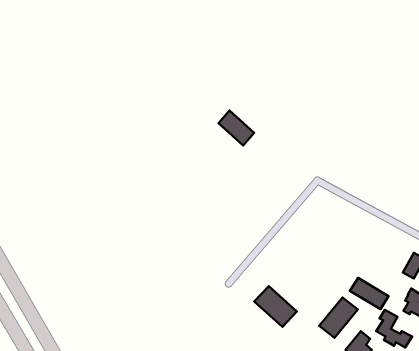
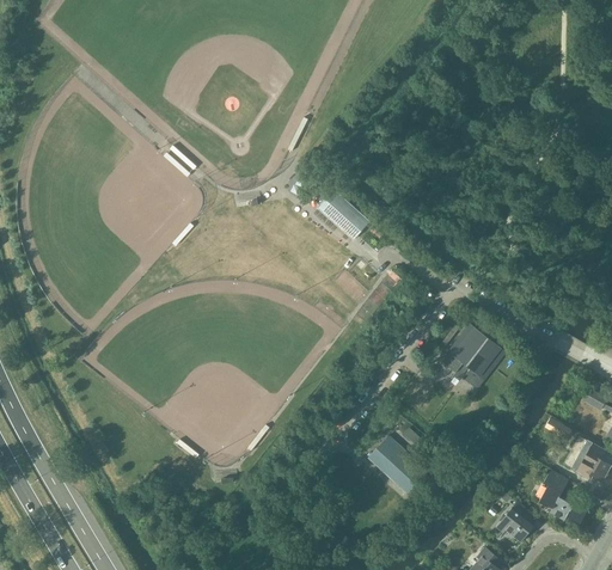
building: none -> [440,323,504,388]
building: [350,278,389,309] -> none
building: [319,297,358,338] -> none

